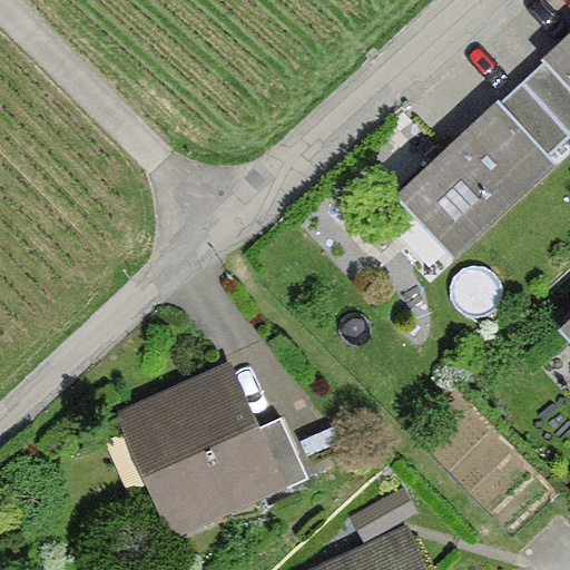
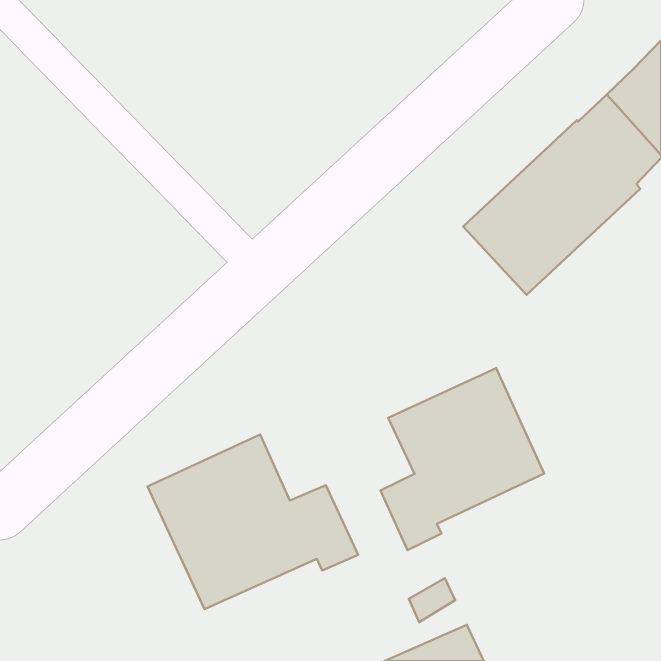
building: none -> [380,368,544,550]

